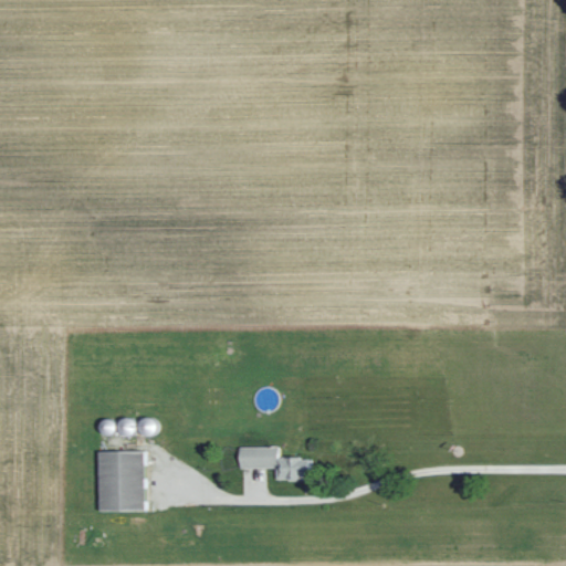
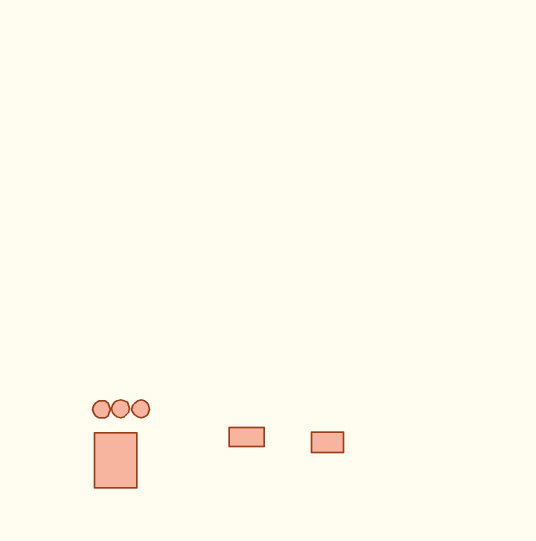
building: [275,458,308,479] -> [312,432,343,452]

